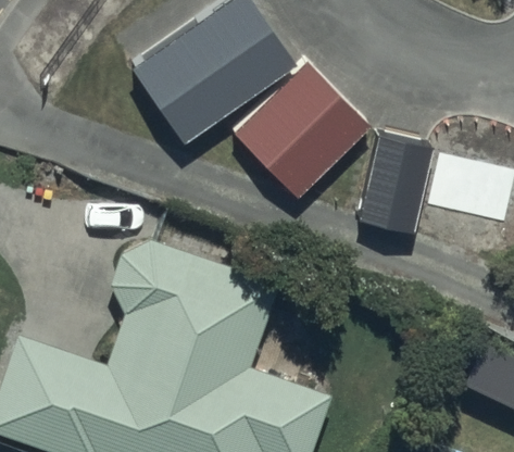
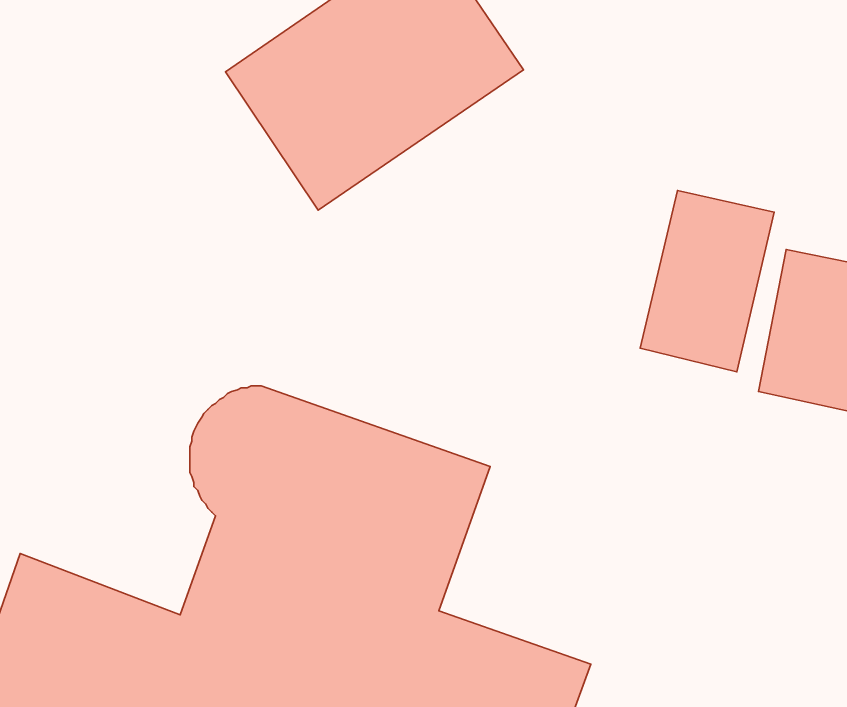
building: [234,61,371,198] -> none

